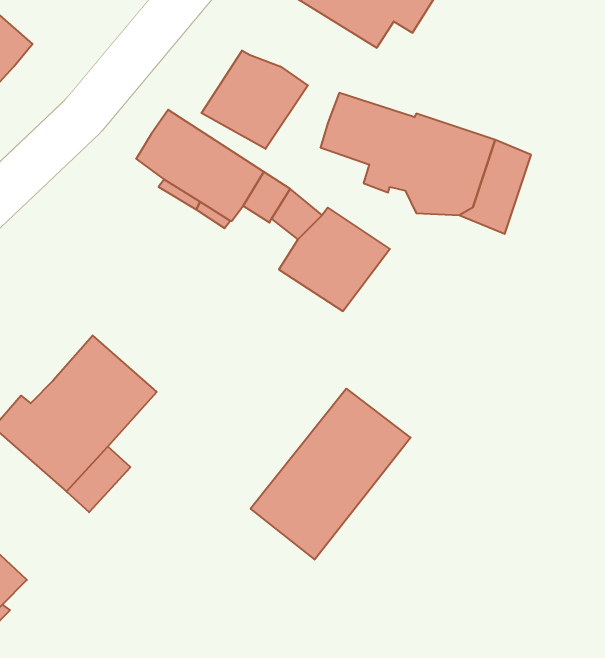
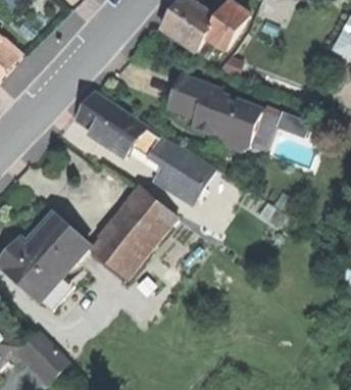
building: [201,50,308,149] -> none
building: [251,389,411,560] -> [88,187,174,280]
building: none -> [17,329,67,379]

